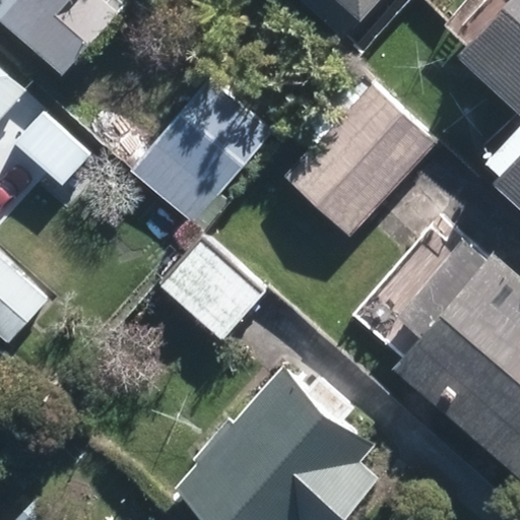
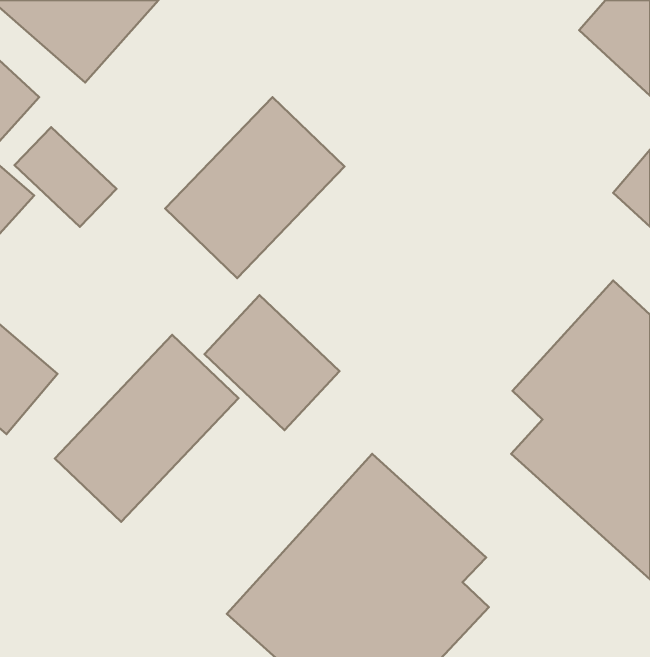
building: [283,83,434,236] -> none
building: none -> [55,335,239,522]

